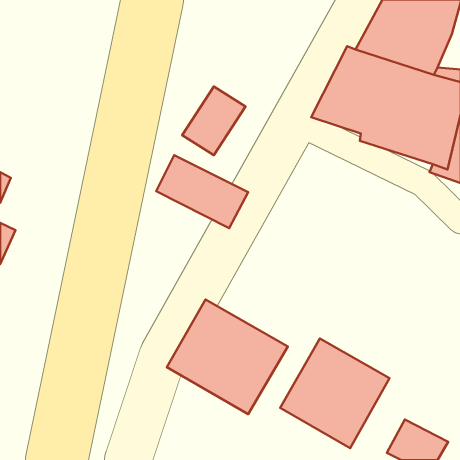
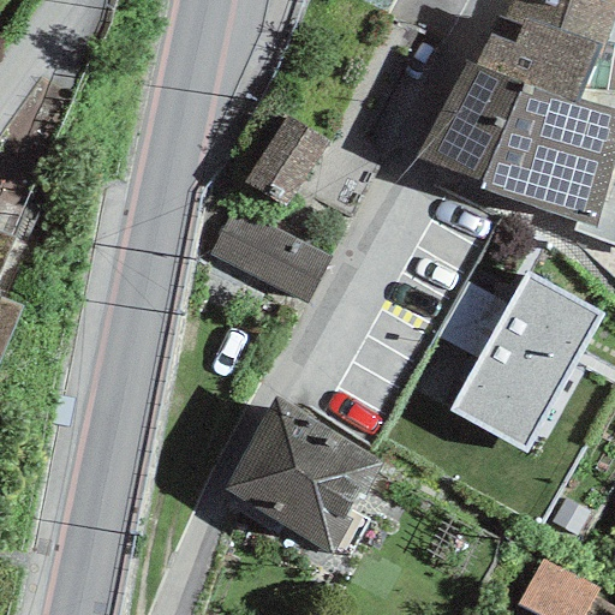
building: none -> [450,273,603,453]
building: [280,339,390,448] -> none

